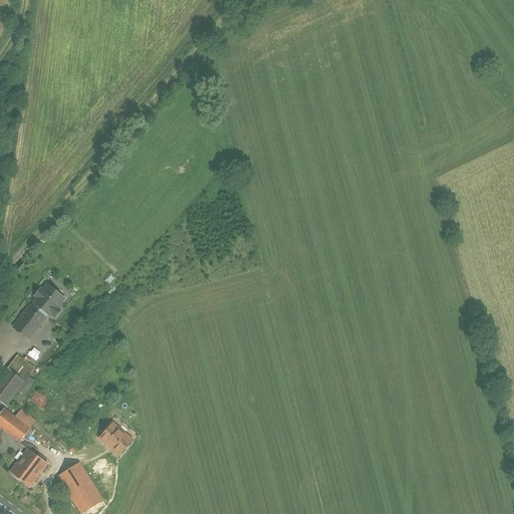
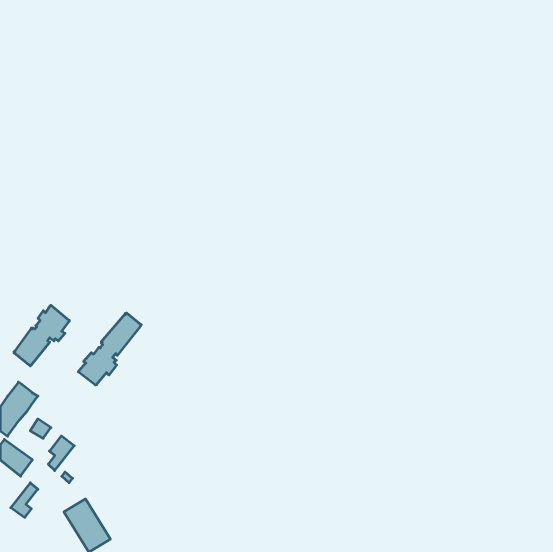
building: none -> [78,313,141,385]
building: [99,423,133,455] -> none
building: [23,454,47,486] -> [48,436,74,471]

